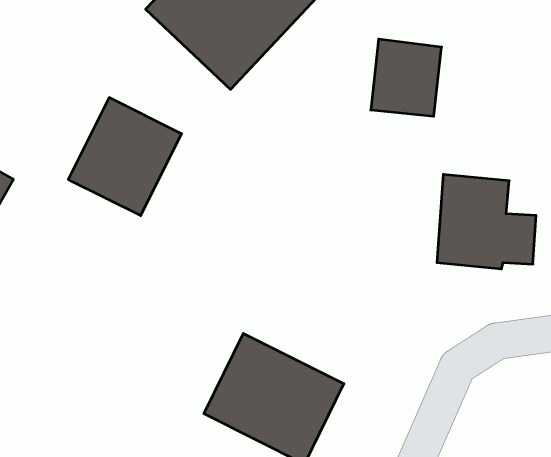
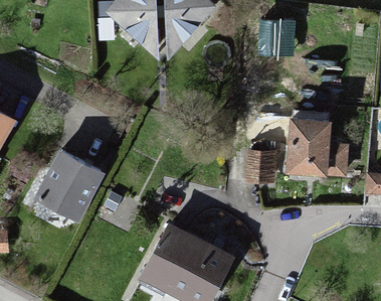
building: [68,98,182,216] -> [34,149,107,224]
building: none -> [247,147,274,178]

